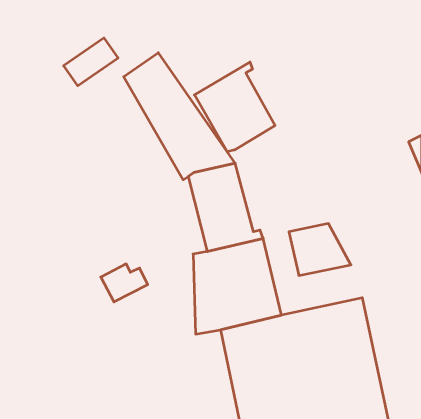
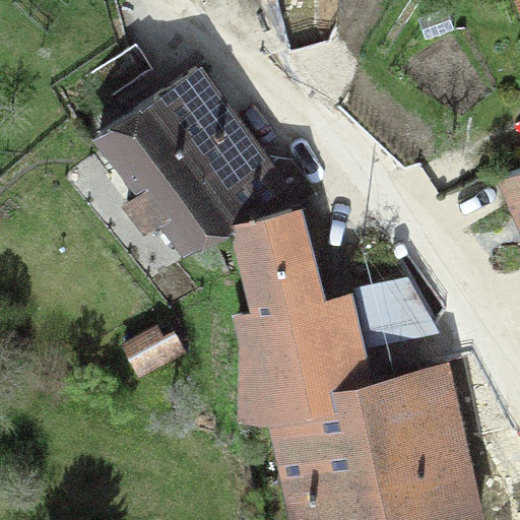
building: [194,62,275,152] -> none
building: none -> [100,98,226,250]

